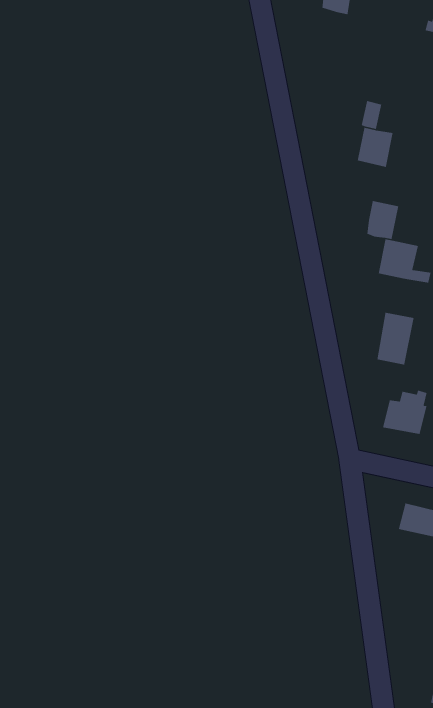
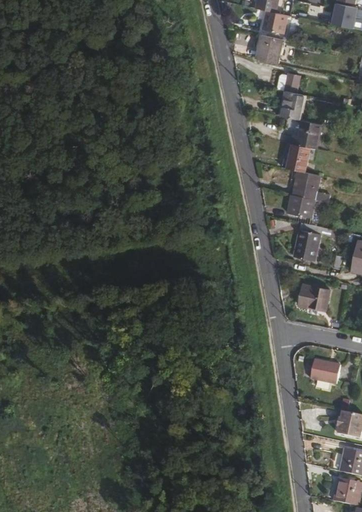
building: none -> [261,11,286,33]
building: none -> [254,35,280,64]
building: none -> [291,121,321,149]
building: none -> [287,195,314,219]

